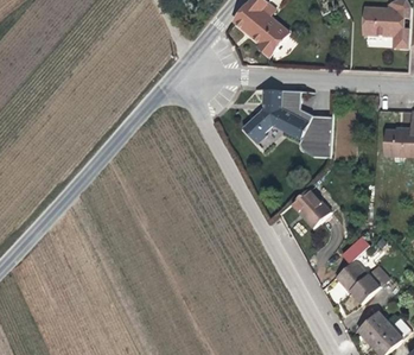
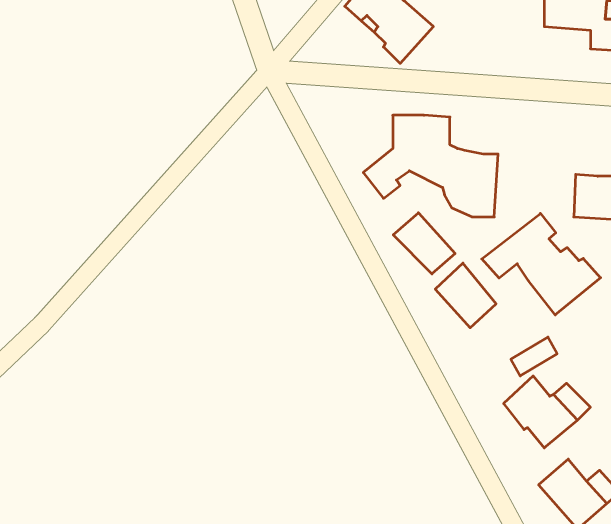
building: none -> [393,213,455,274]
building: none -> [482,213,601,315]

